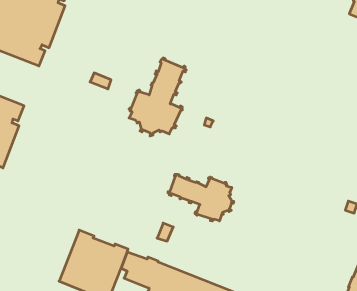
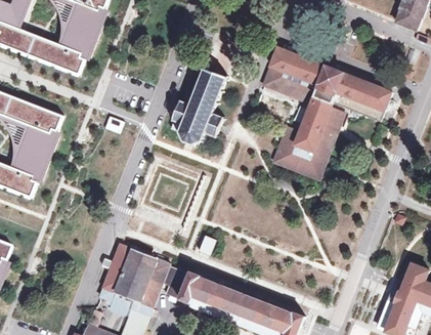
building: none -> [263,46,391,177]
building: [168,174,234,221] -> none

